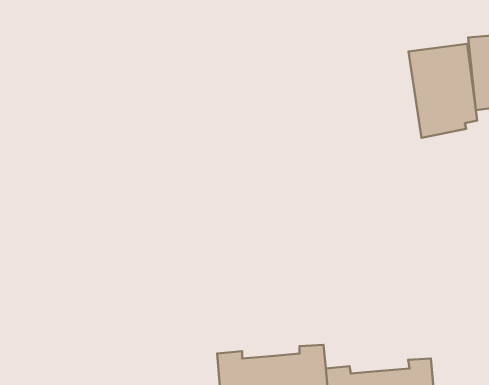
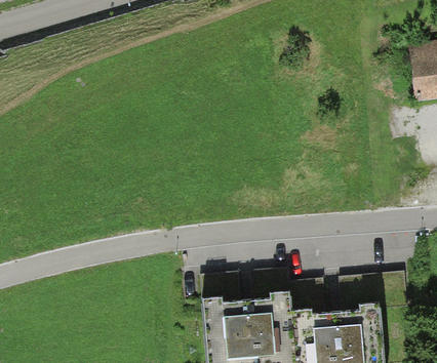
building: [409,44,477,138] -> none

